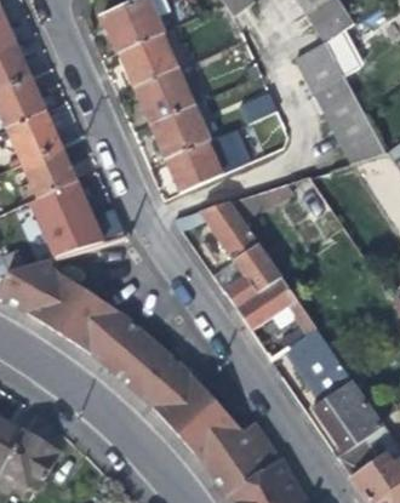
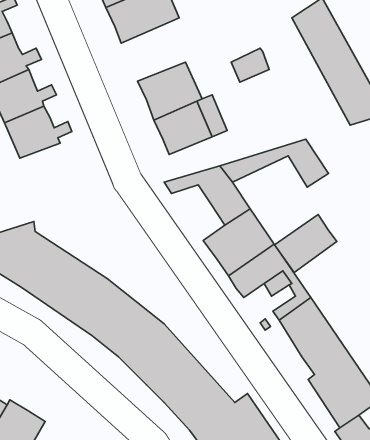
building: [132,65,194,121] -> none
building: [29,181,102,253] -> none
building: none -> [274,214,337,272]

